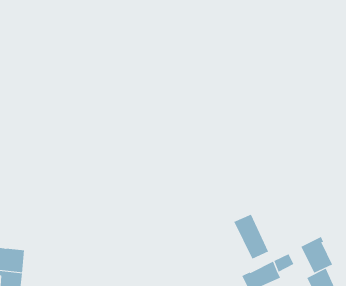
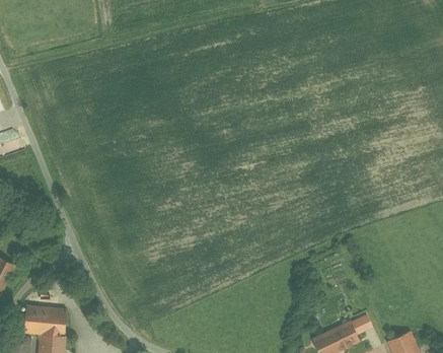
building: [234,214,269,259] -> none
building: [301,236,333,273] -> none

